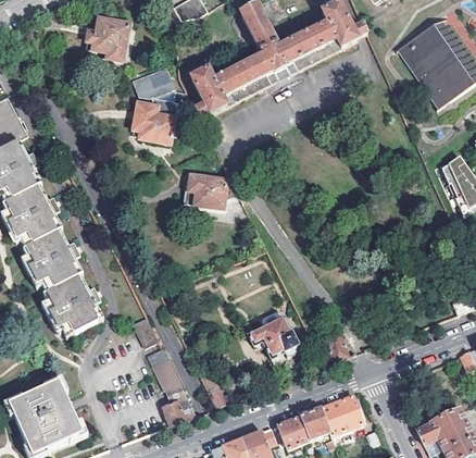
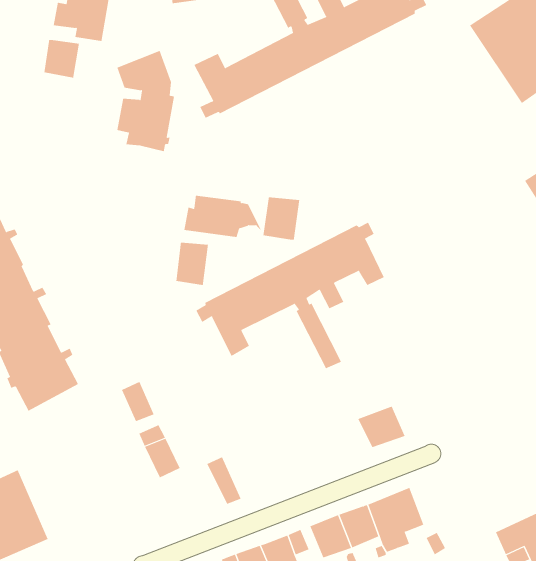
building: none -> [44,39,79,79]
building: none -> [263,197,300,240]
building: none -> [196,222,385,369]
building: none -> [176,242,209,286]
building: [247,315,300,359] -> none
building: [161,380,195,424] -> none

